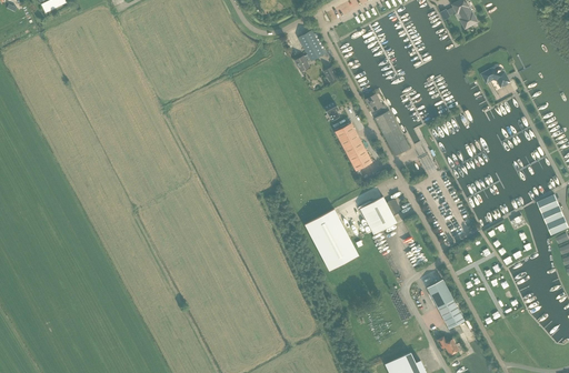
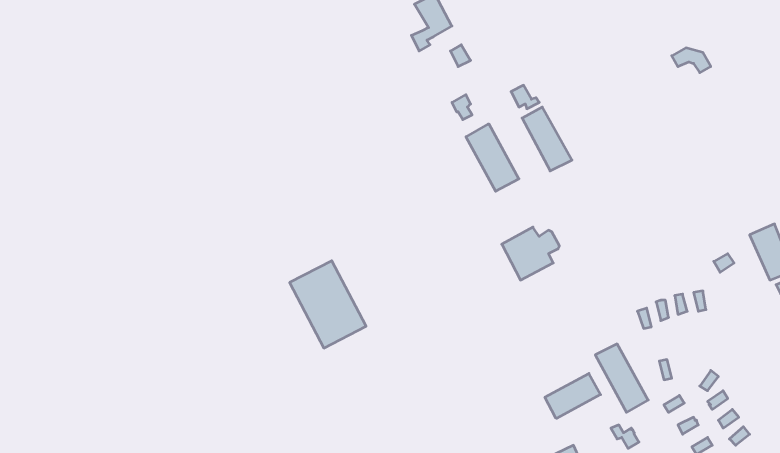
building: [303,209,358,271] -> [290,261,366,348]
building: none -> [545,373,601,418]

